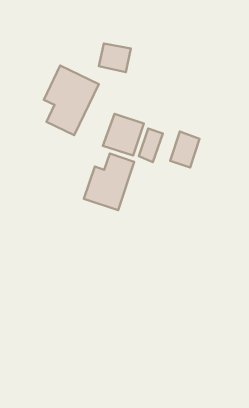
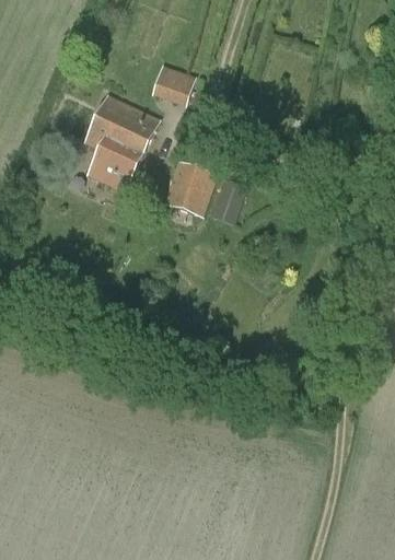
building: [170,132,199,167] -> none
building: [84,154,134,210] -> none

